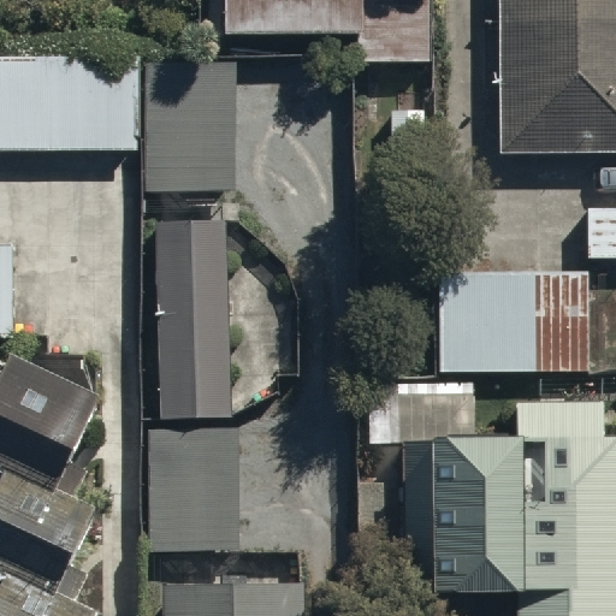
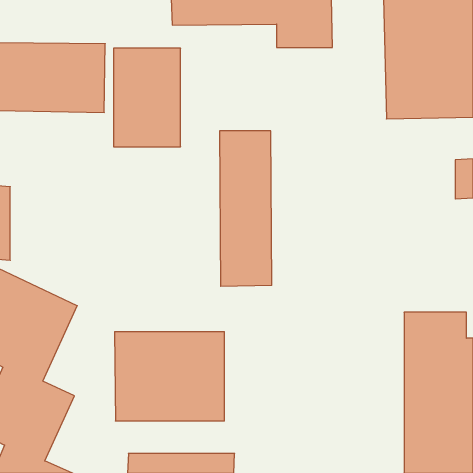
building: [160,218,227,419] -> [220,131,272,286]
building: [437,277,588,367] -> none
building: [433,442,520,596] -> none

